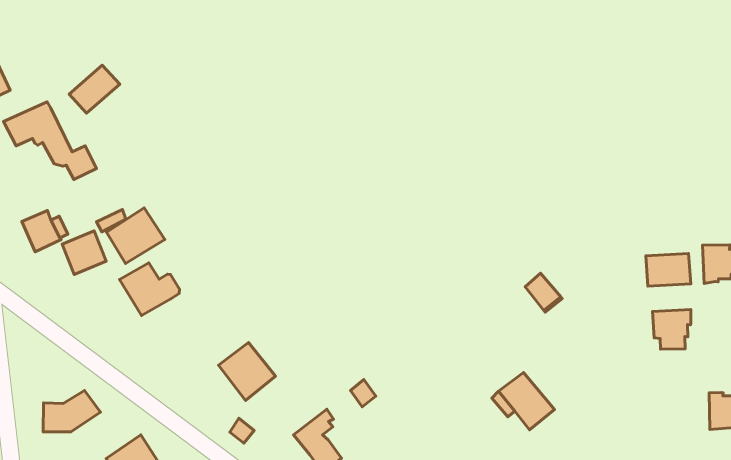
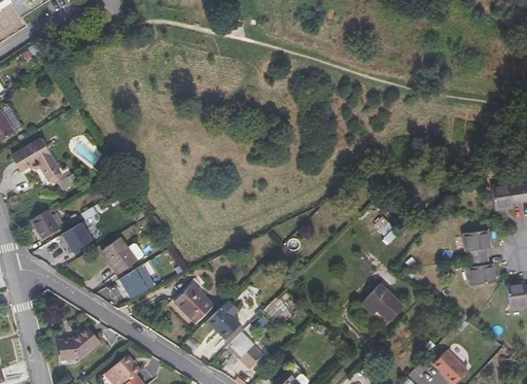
building: [69,65,120,113] -> none
building: [106,208,165,263] -> none
building: [646,254,691,286] -> none
building: none -> [117,265,153,298]
building: none -> [467,256,495,285]
building: none -> [207,301,240,339]

